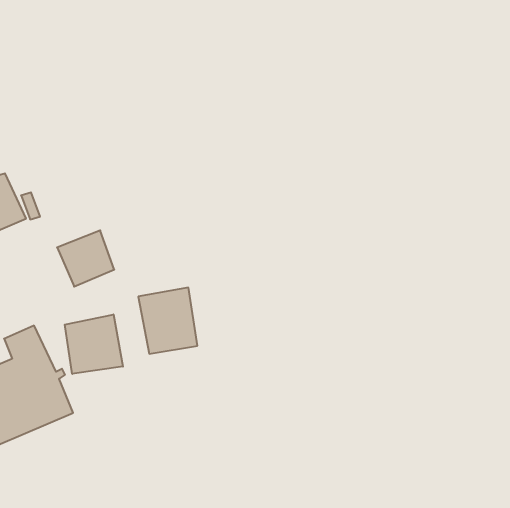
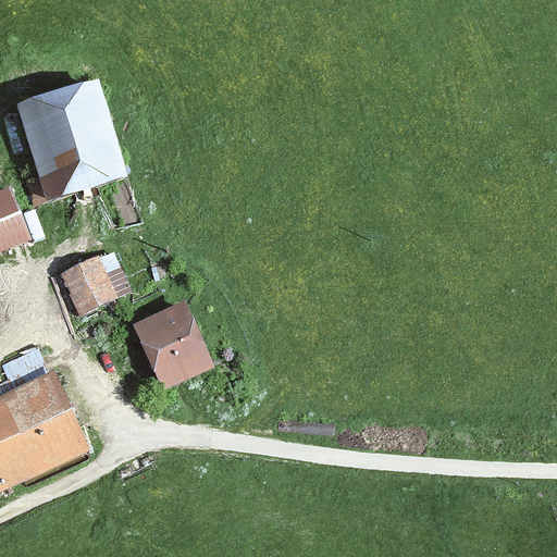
building: none -> [16,84,120,202]
building: [65,314,123,374] -> none

